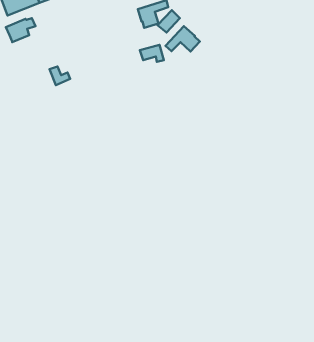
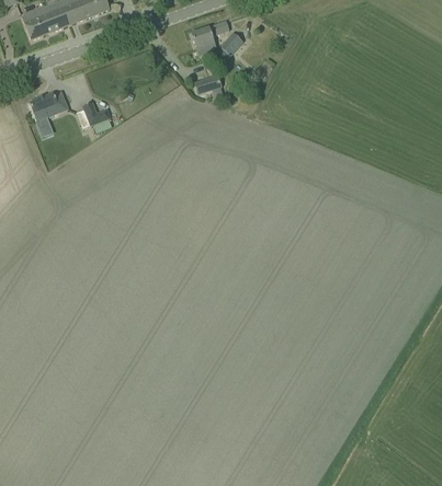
building: [6,18,35,42] -> [30,90,66,119]
building: [165,26,200,51] -> none

